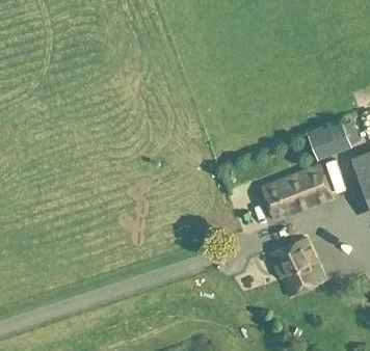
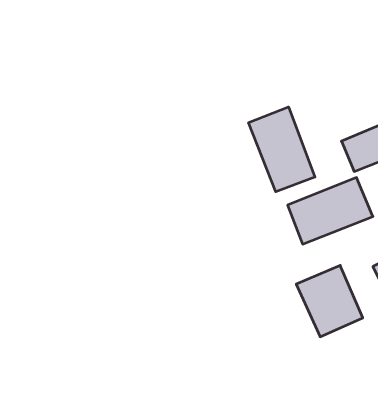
building: none -> [249,107,315,192]

